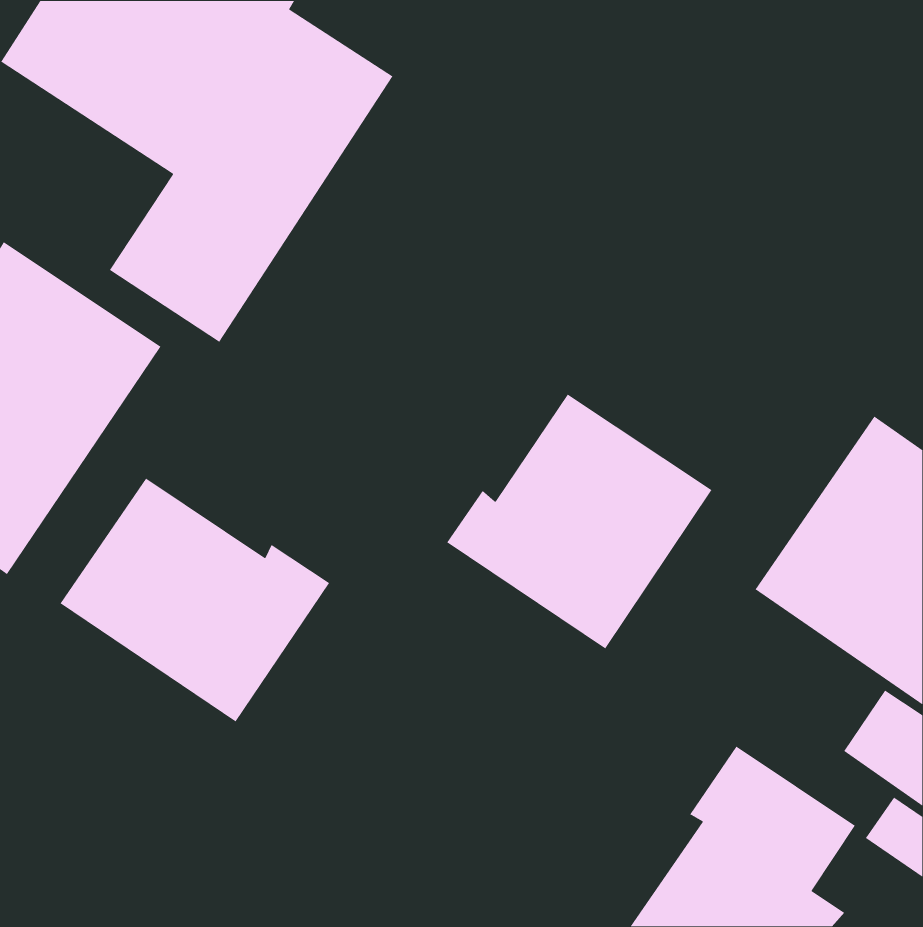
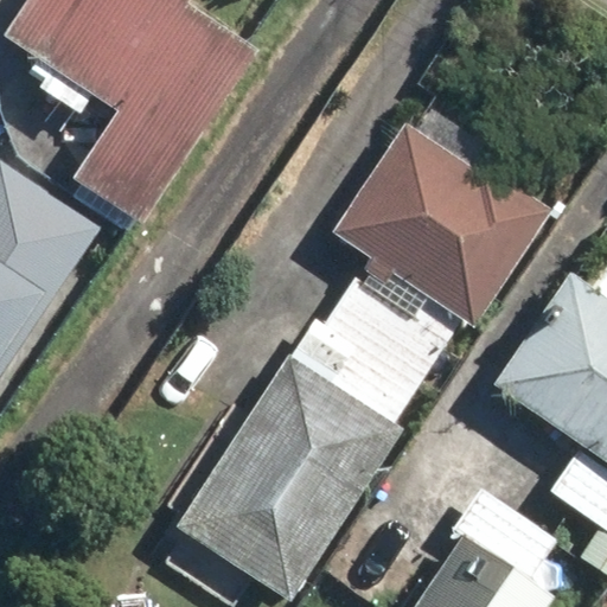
building: none -> [336,128,552,326]
building: [59,477,330,723] -> none
building: none -> [175,354,402,601]

